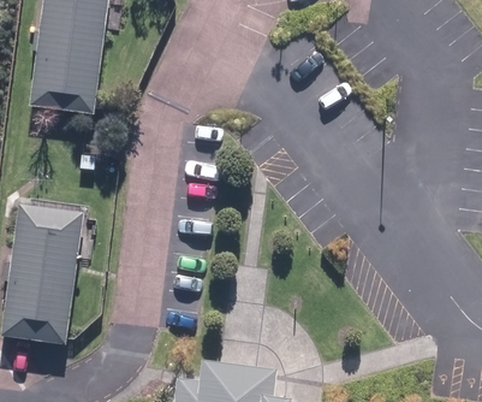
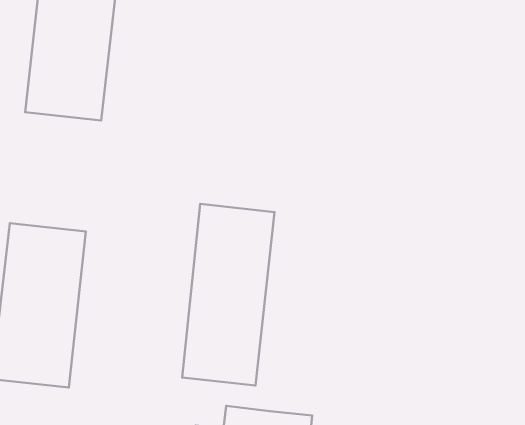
building: none -> [182,204,275,385]

